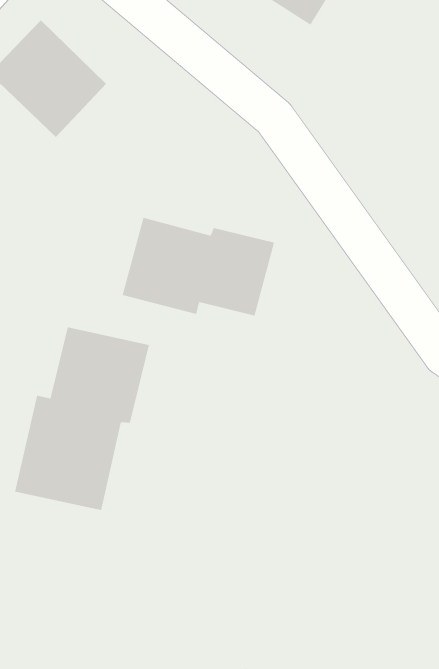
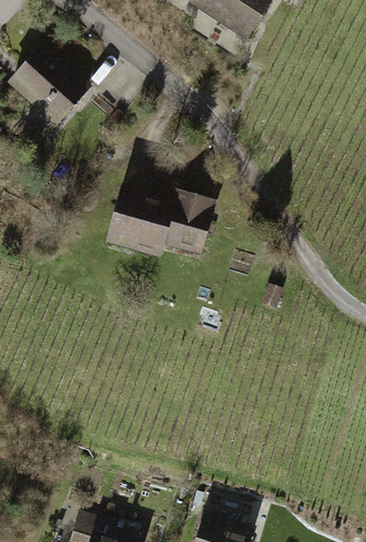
building: [14,326,149,511] -> none

